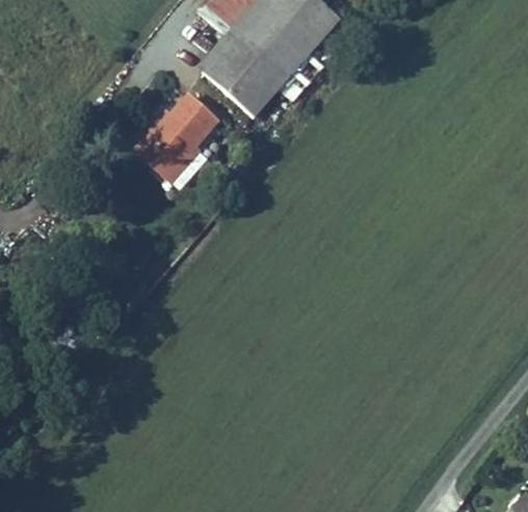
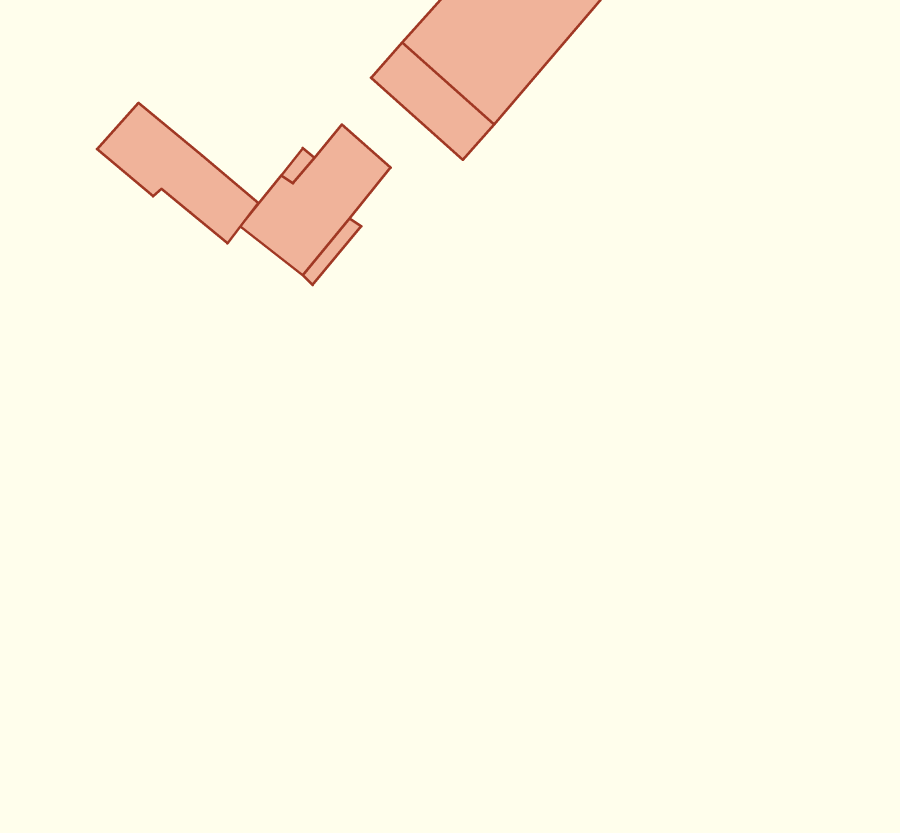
building: none -> [97,103,258,243]

